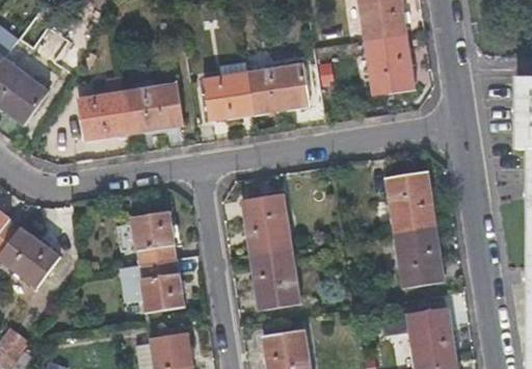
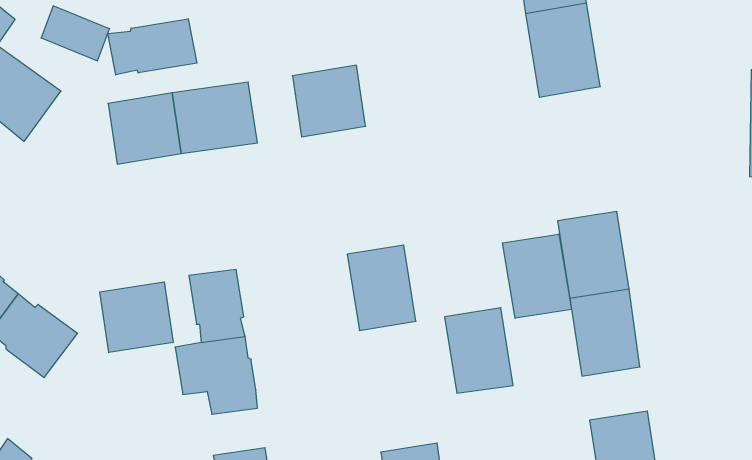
building: none -> [108,19,197,75]
building: [248,64,308,114] -> none
building: none -> [502,234,571,318]
building: none -> [100,282,173,353]
building: [250,247,297,306] -> [445,308,513,393]

